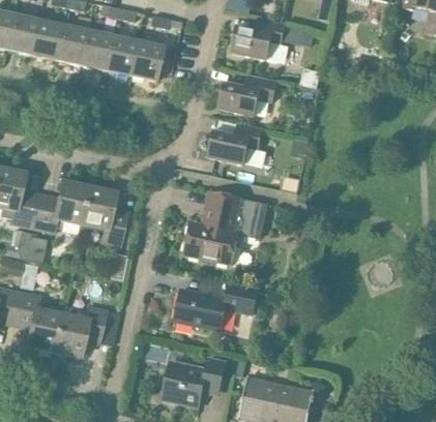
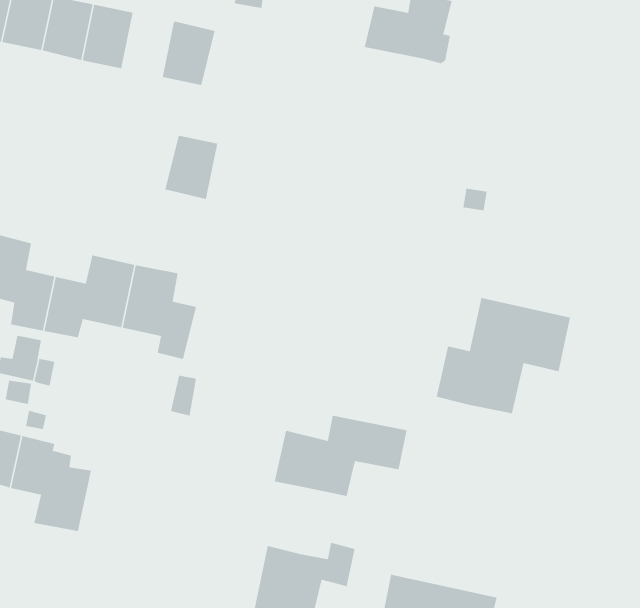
building: [80,30,112,70] -> none
building: [129,41,163,82] -> [165,135,218,200]
building: [217,74,278,116] -> none
building: [207,123,262,164] -> none
building: [183,191,267,264] -> [436,297,571,414]
building: [53,306,105,358] -> none

